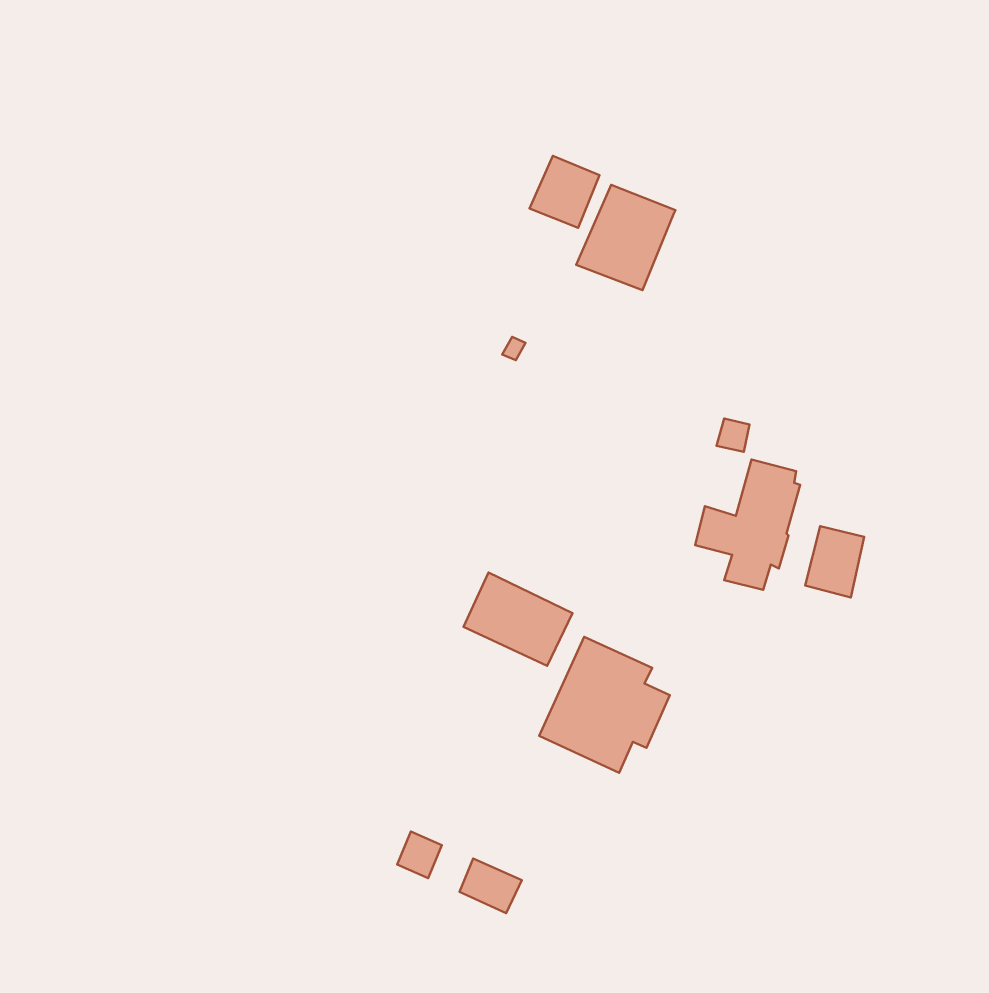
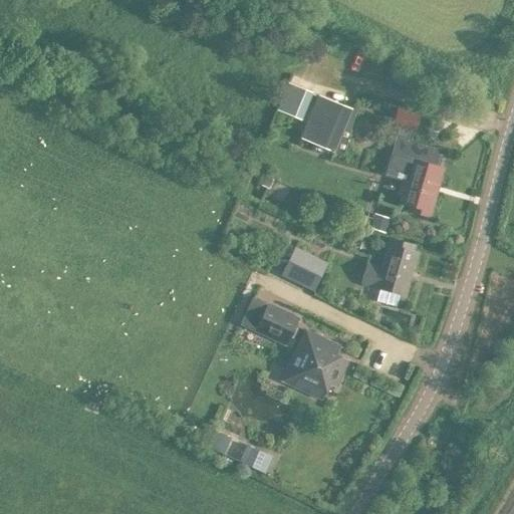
building: none -> [388,107,444,215]
building: none -> [281,249,322,291]
building: [805,526,864,597] -> none

